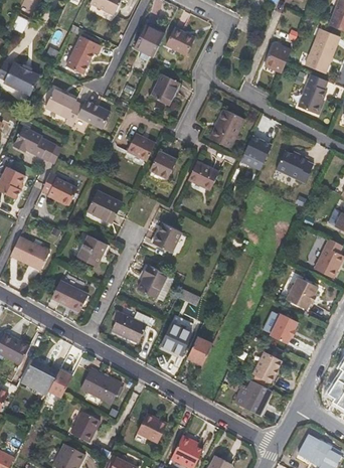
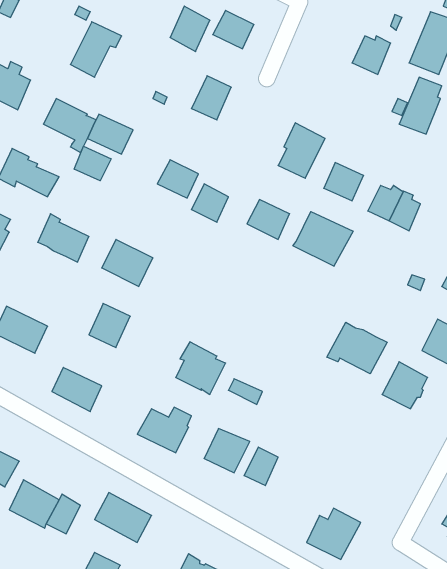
building: none -> [74,146,111,181]
building: none -> [293,212,353,266]
building: [154,222,182,252] -> none
building: none -> [327,322,387,374]
building: [269,314,296,343] -> none
building: [253,352,281,382] -> none

